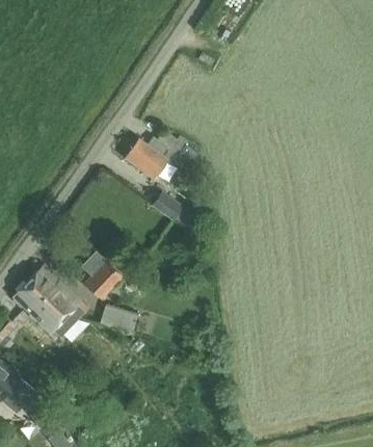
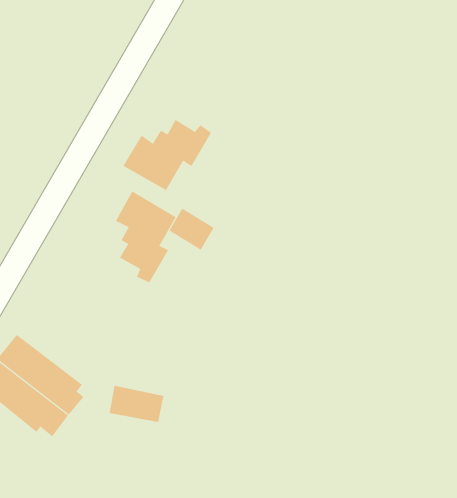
building: none -> [115,191,177,283]
building: [84,259,125,295] -> none

